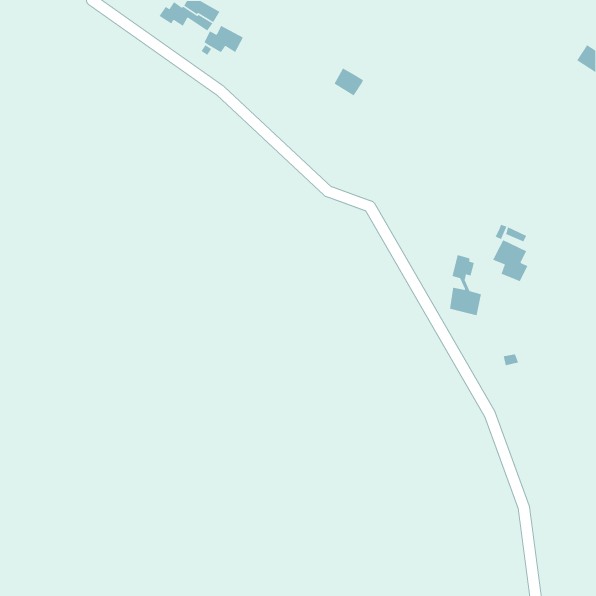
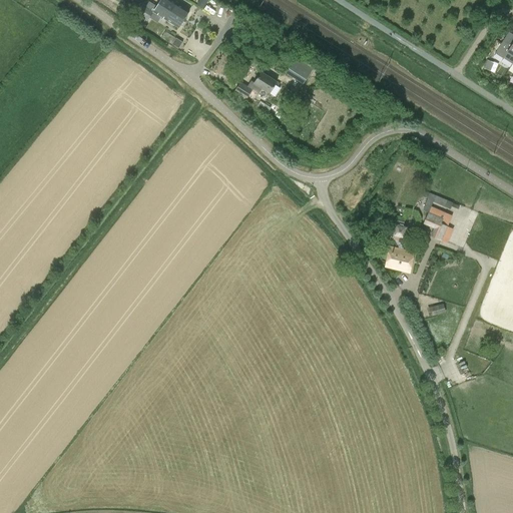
building: [203,25,244,53] -> none
building: none -> [232,71,278,100]

